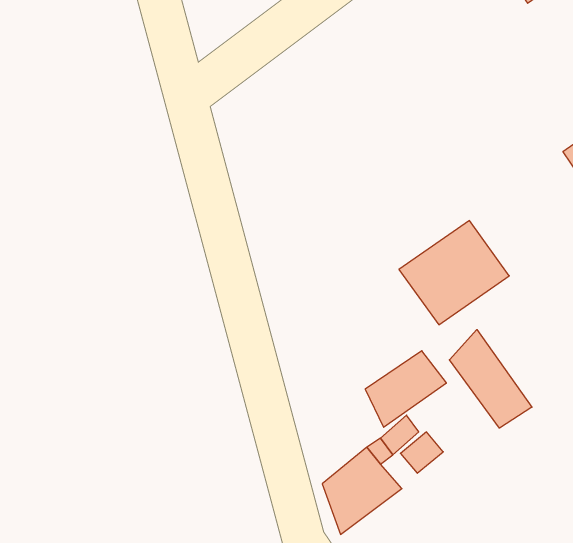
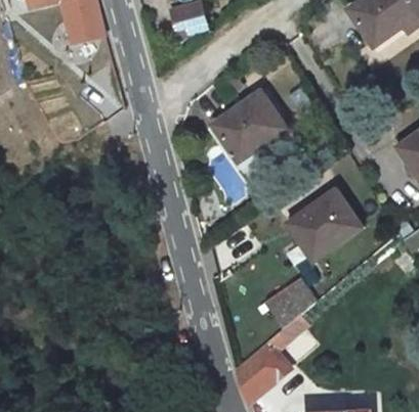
building: none -> [214,92,288,162]
building: [449,330,532,428] -> none

